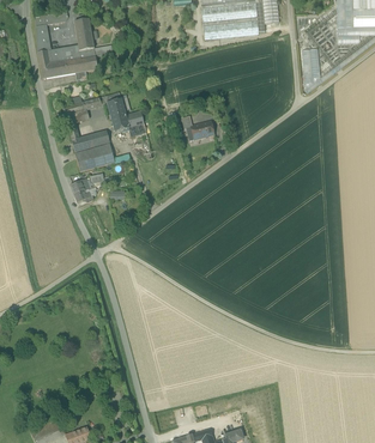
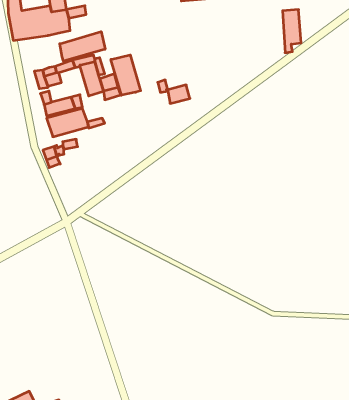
building: none -> [60,32,105,61]
building: none -> [111,55,141,95]

